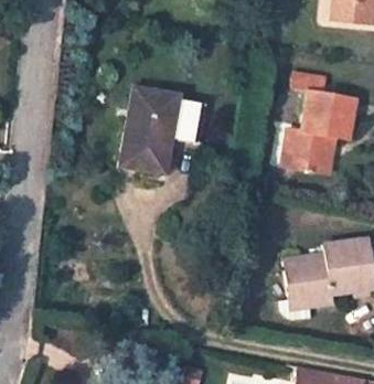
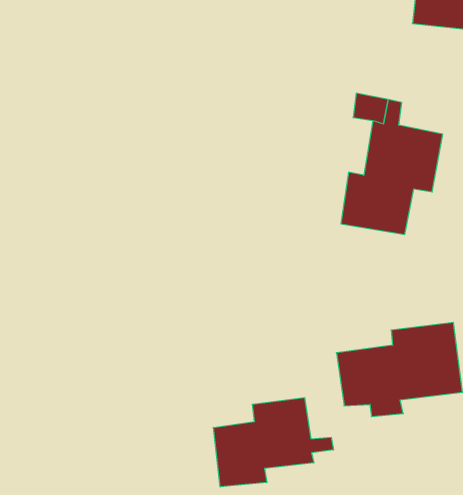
building: [118,87,200,175] -> none
building: none -> [213,398,333,487]

